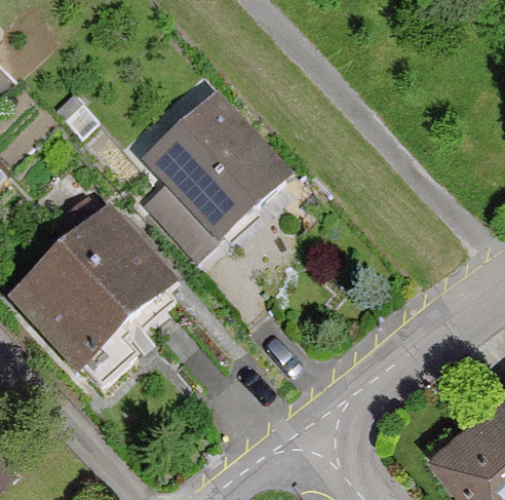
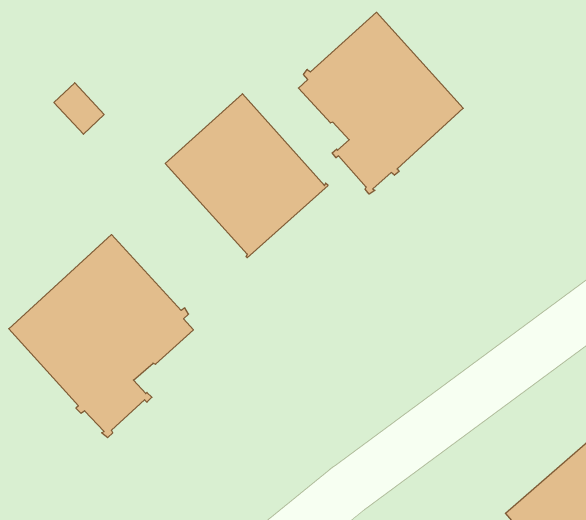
building: none -> [298,12,463,194]

